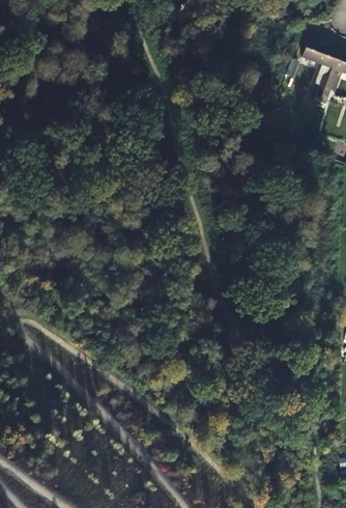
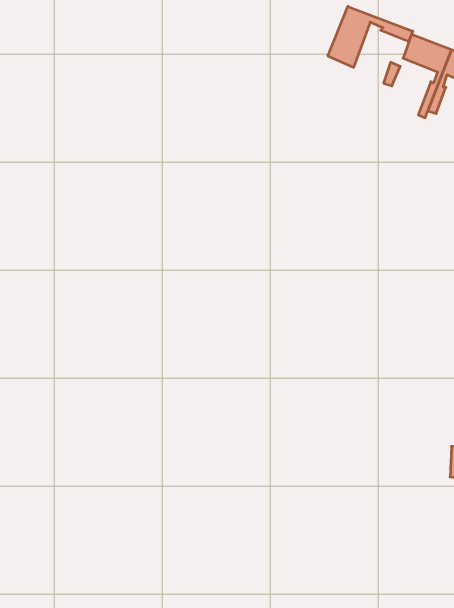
building: none -> [328,6,413,67]

